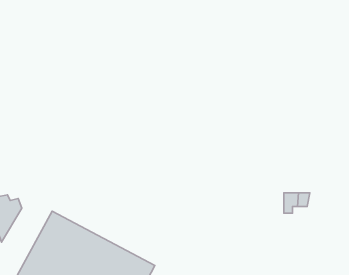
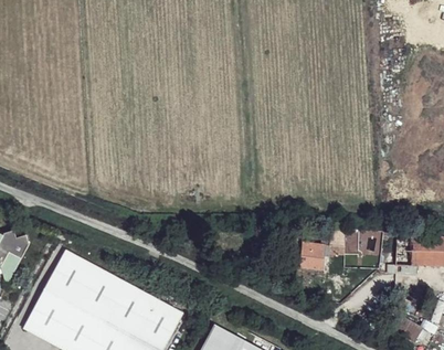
building: none -> [296,243,323,269]

